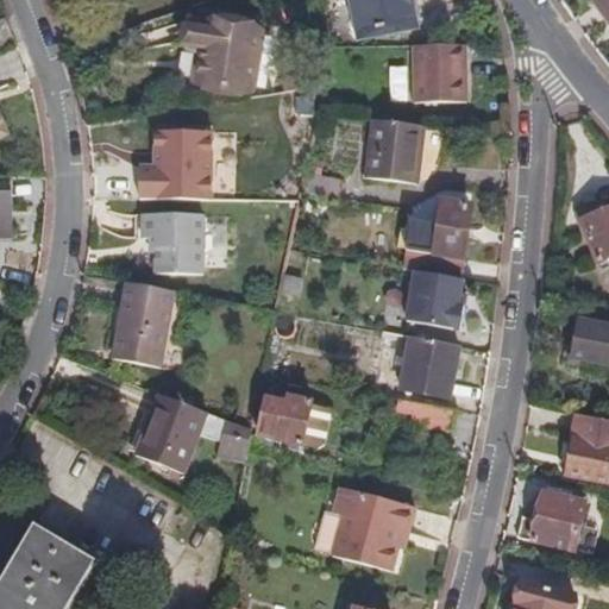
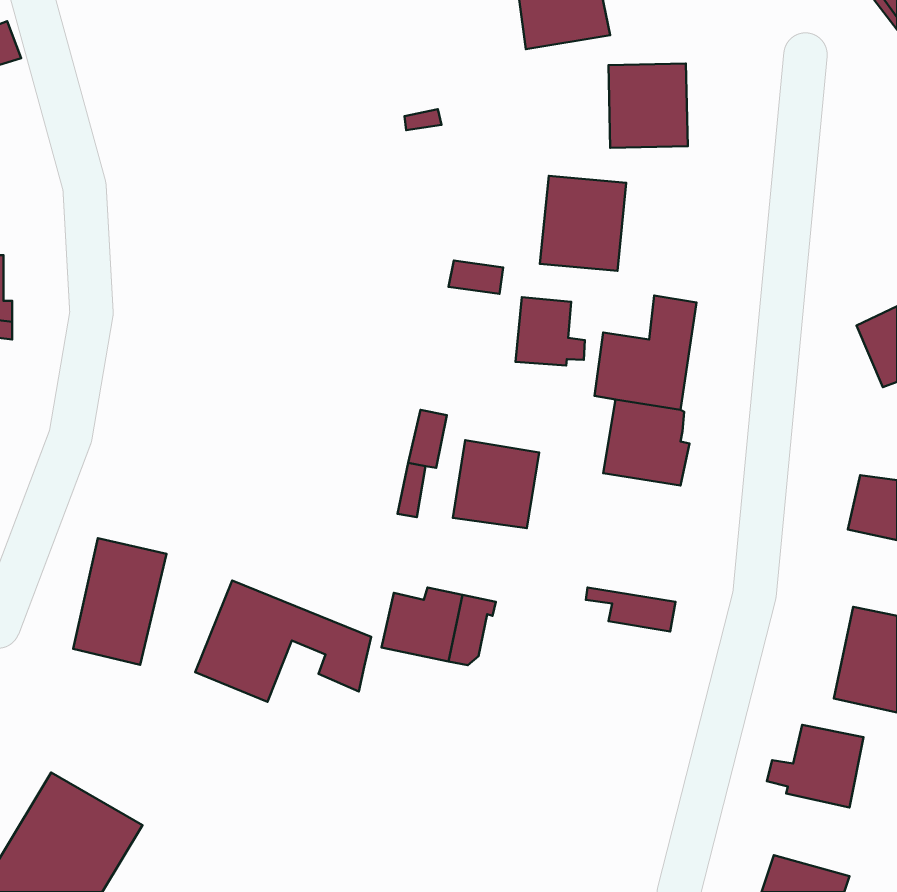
building: [187,17,260,89] -> none
building: [140,130,213,201] -> none
building: none -> [516,297,585,366]
building: [140,215,202,275] -> none
building: [112,281,175,366] -> [73,538,166,665]
building: [402,335,460,395] -> [453,440,539,528]
building: [332,486,415,570] -> none

